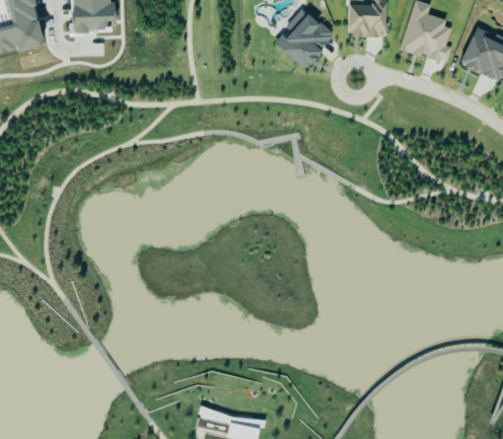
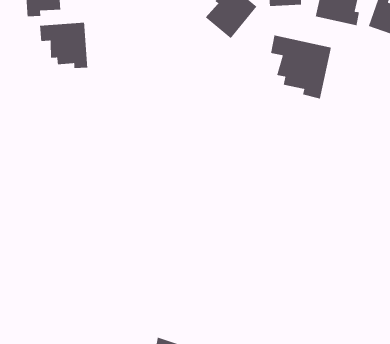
building: none -> [39,22,88,69]
building: none -> [270,34,332,99]

